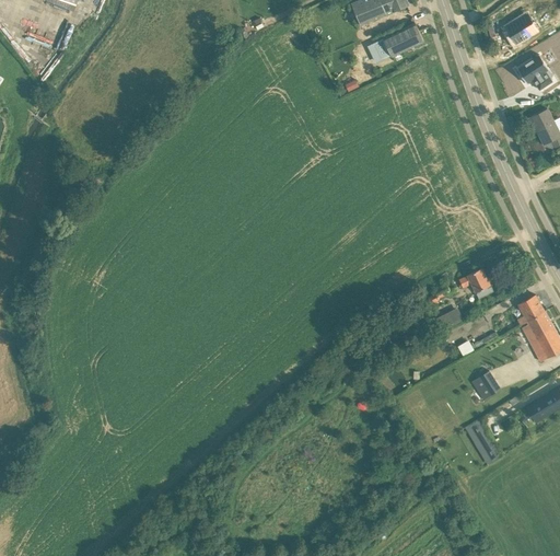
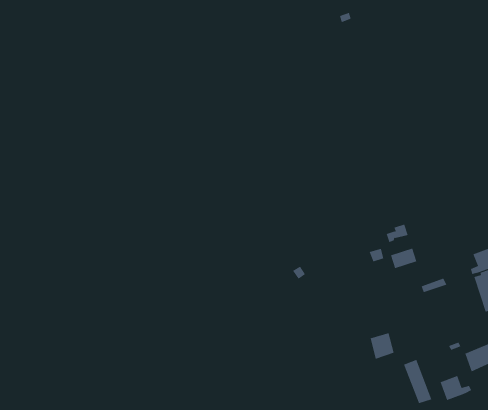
building: [458,268,493,299] -> none
building: [471,370,499,399] -> [370,332,395,359]
building: none -> [440,375,472,401]

